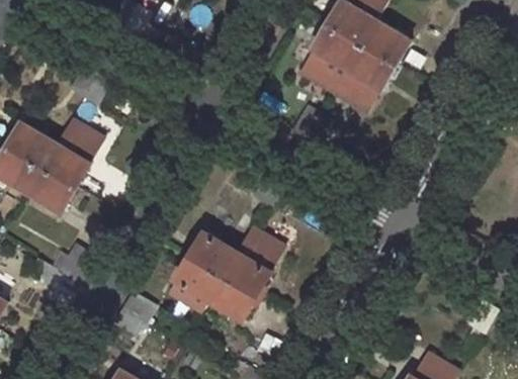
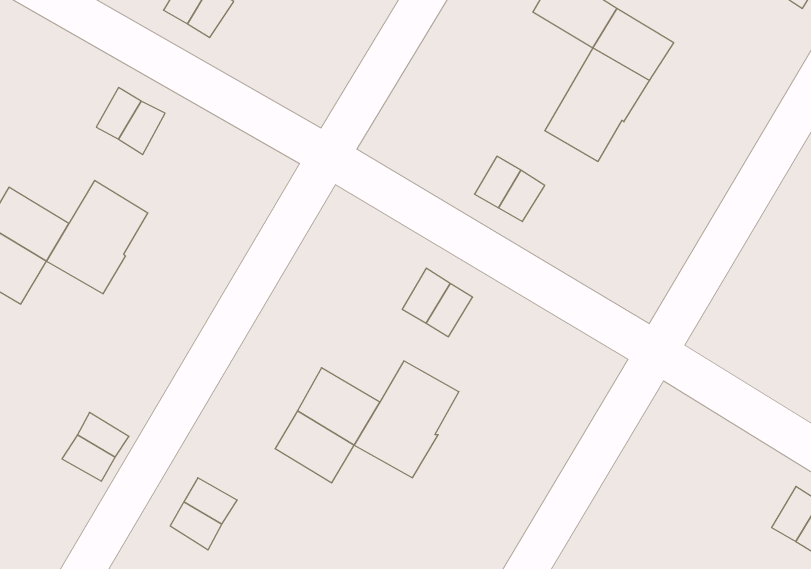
building: [298,21,362,91] -> none
building: [25,168,74,212] -> none
building: [208,276,256,317] -> none

